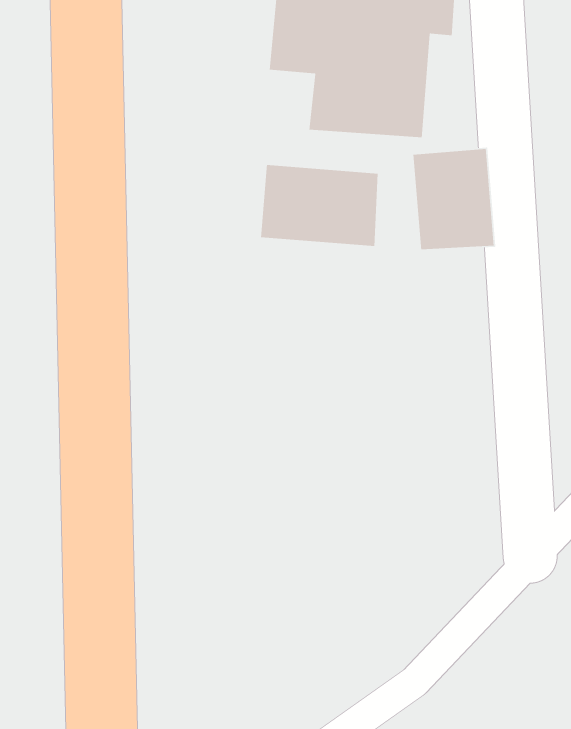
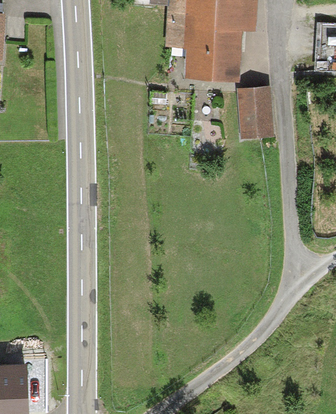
building: [260,164,379,247] -> none

